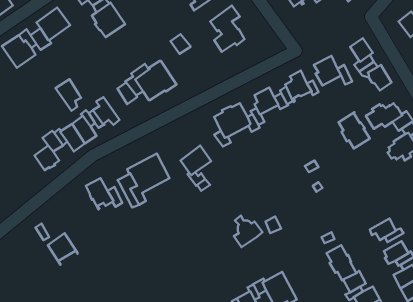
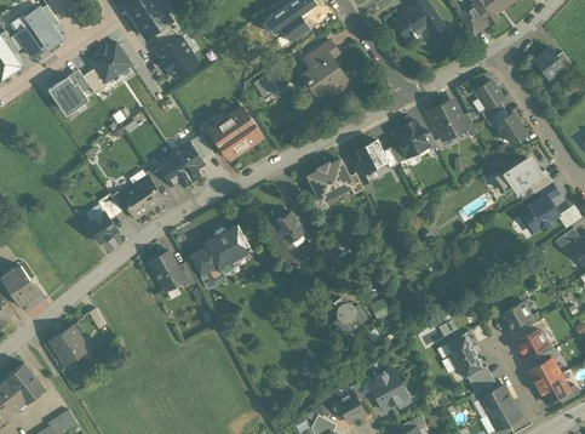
building: [56,79,81,111] -> [172,142,203,181]
building: [338,112,370,149] -> none
building: [48,233,77,265] -> [51,326,87,365]

